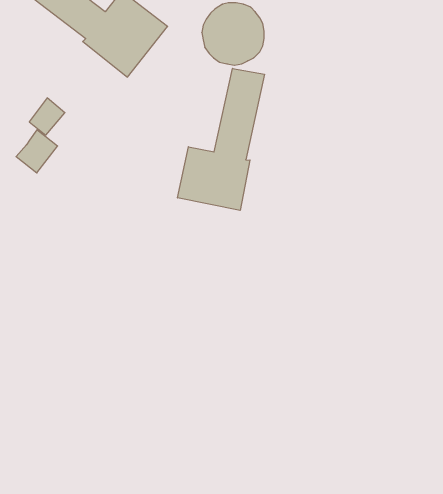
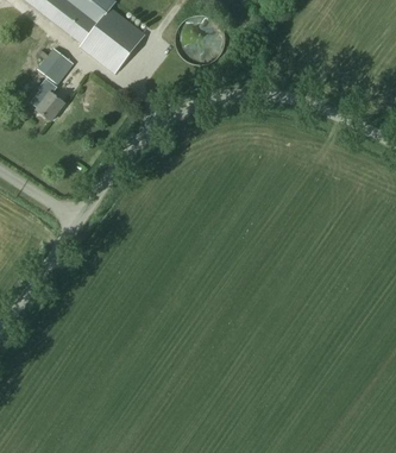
building: [178,68,264,210] -> none
building: [16,130,58,173] -> [36,45,69,80]

